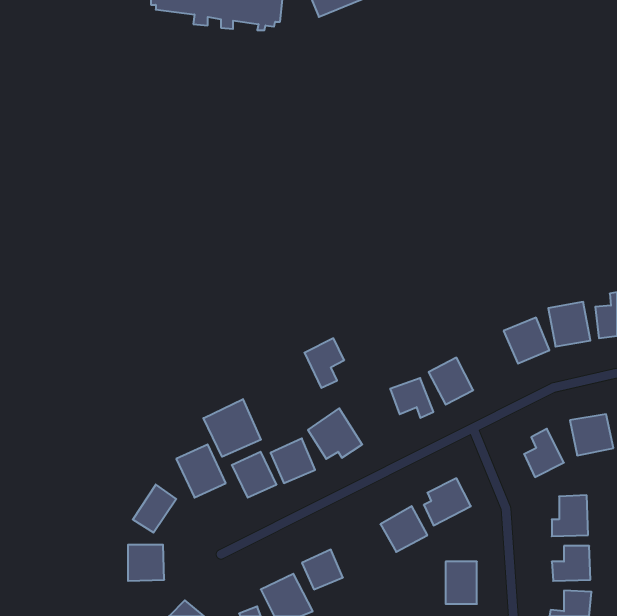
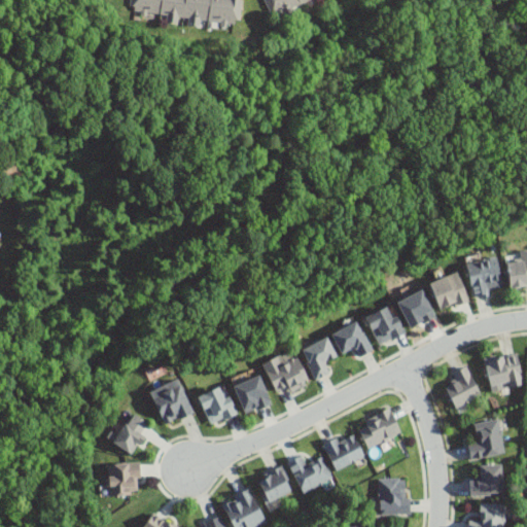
building: none -> [395,288,433,326]
building: [304,338,344,388] -> [302,337,336,379]
building: [203,399,261,457] -> none
building: none -> [289,456,331,491]

